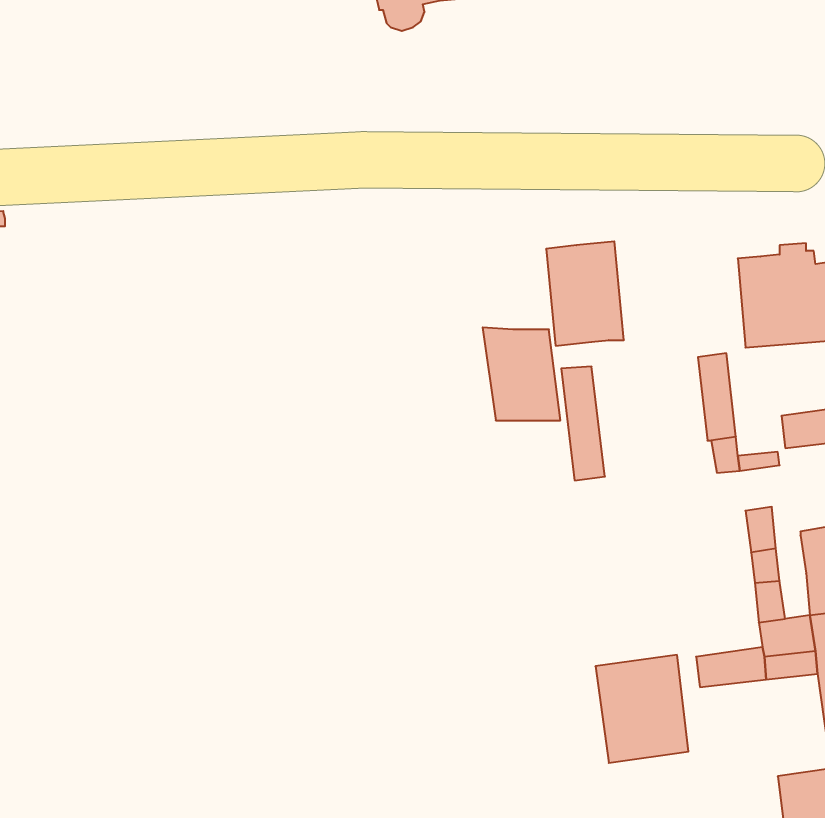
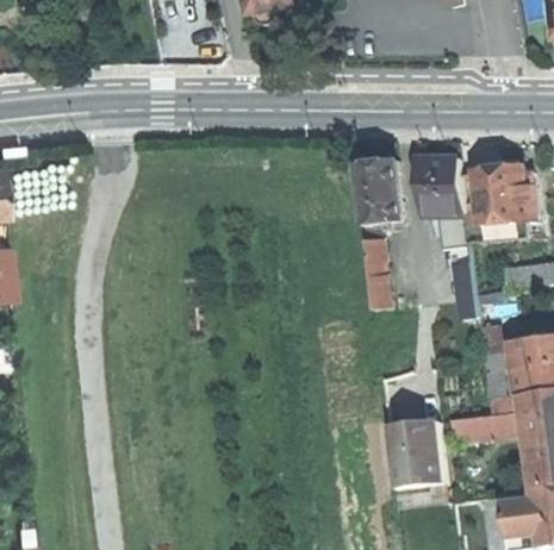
building: [483,327,560,420] -> [415,156,463,214]

